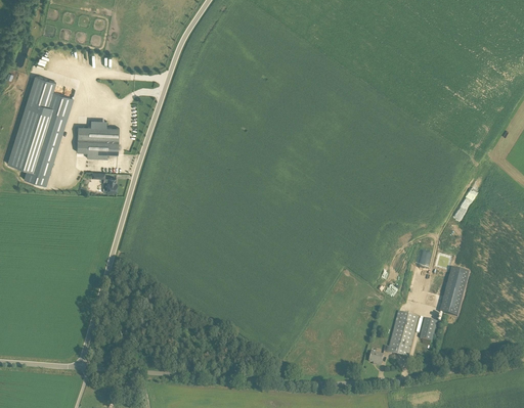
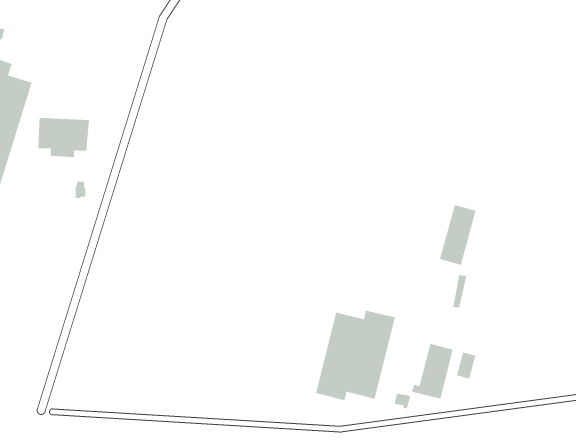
building: [438,266,469,316] -> [439,204,477,265]
building: none -> [316,310,396,401]

